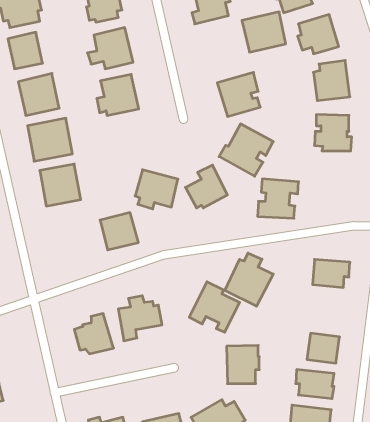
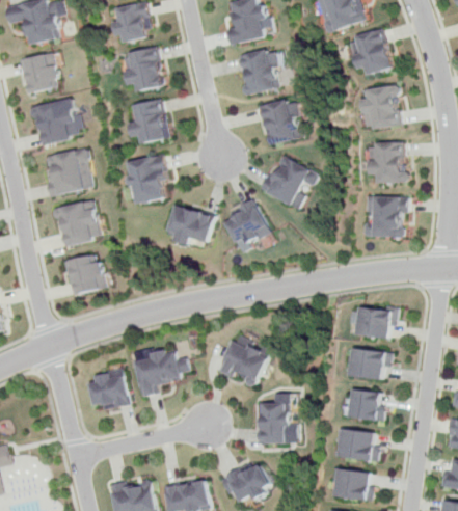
building: [242,12,286,52] -> [234,50,282,95]
building: none -> [116,155,163,207]
building: [258,179,299,218] -> [357,196,403,240]
building: [100,213,138,250] -> [64,252,107,294]
building: [225,253,273,306] -> none
building: none -> [351,346,394,378]

